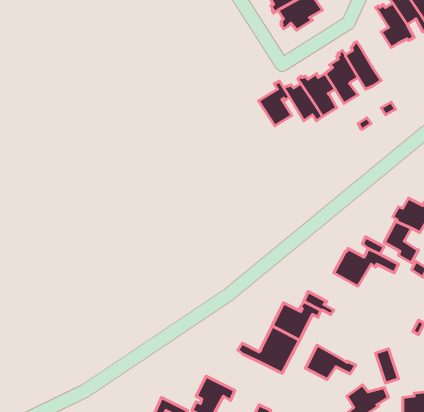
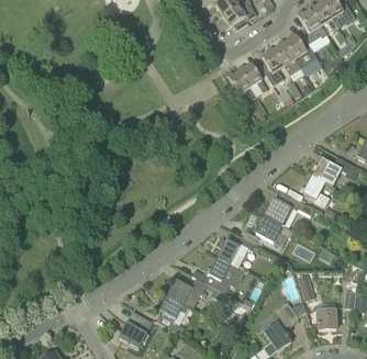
building: none -> [285,31,316,68]
building: [259,81,292,126] -> none
building: [306,345,356,380] -> [256,215,294,242]
building: none -> [168,278,208,307]

